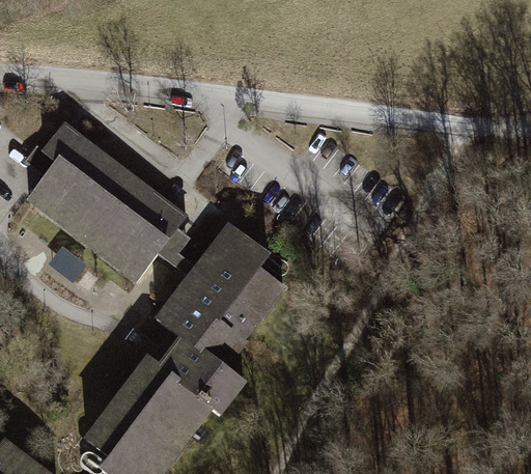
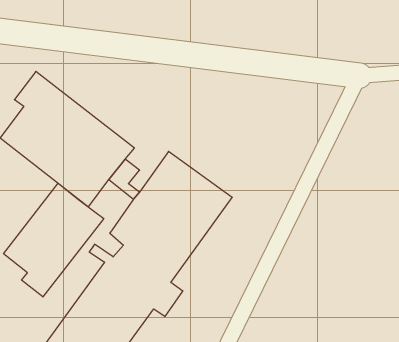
building: none -> [4,183,104,297]

